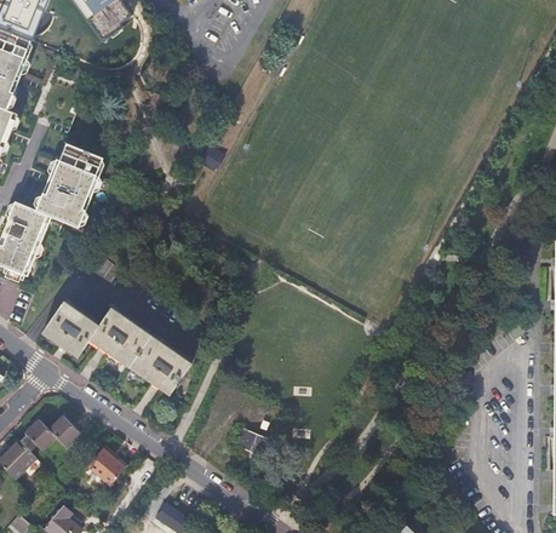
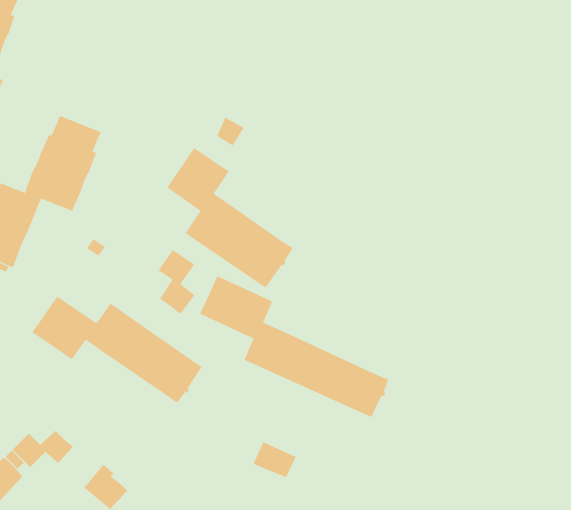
building: none -> [166,147,294,288]
building: none -> [158,249,195,315]
building: none -> [200,276,389,418]

